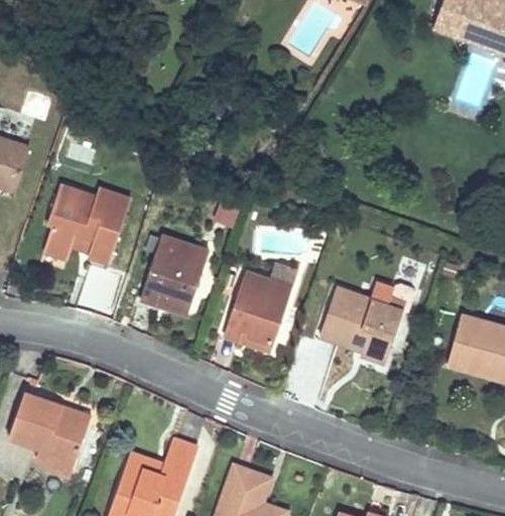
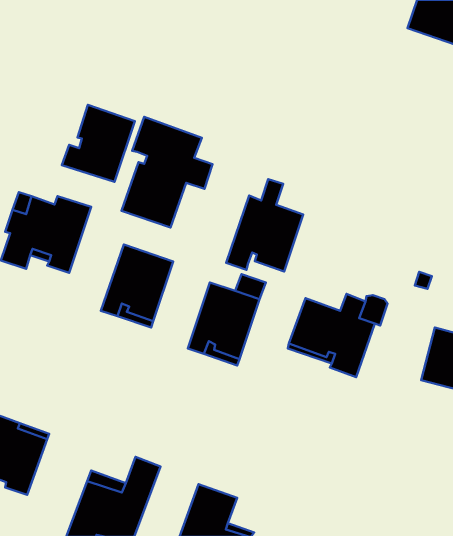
building: none -> [62,105,135,182]
building: none -> [121,117,213,228]
building: none -> [226,179,303,272]

